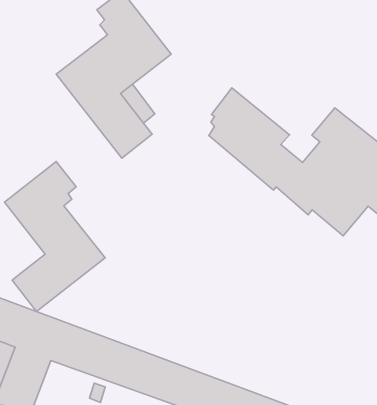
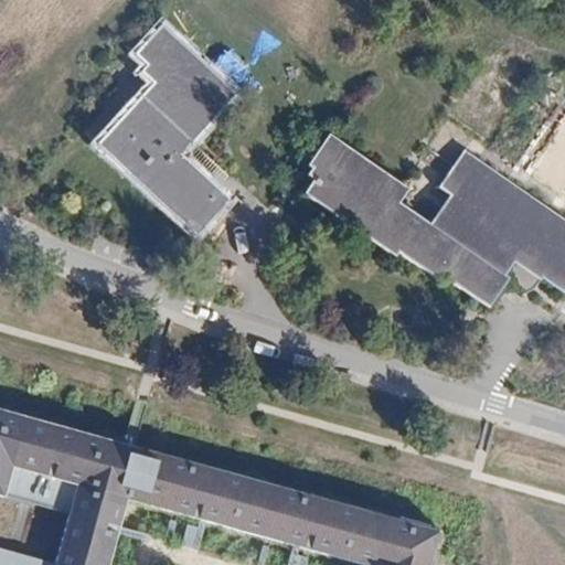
building: [4,161,105,312] -> none

